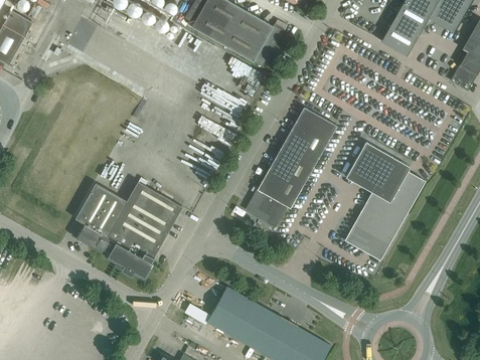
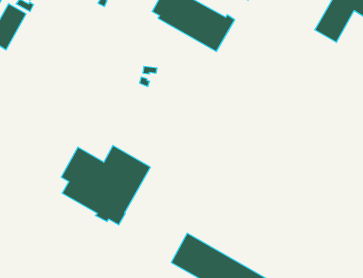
building: [246,106,336,226] -> none
building: [344,141,425,259] -> none

